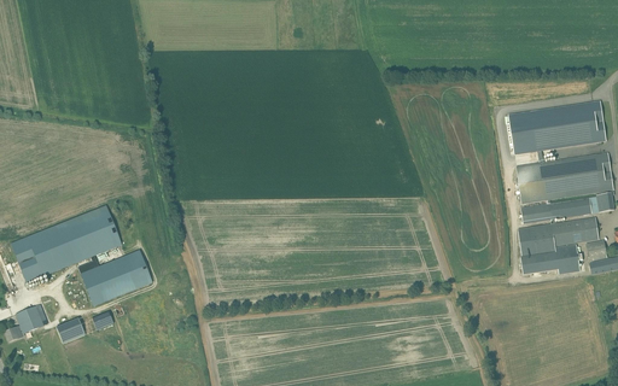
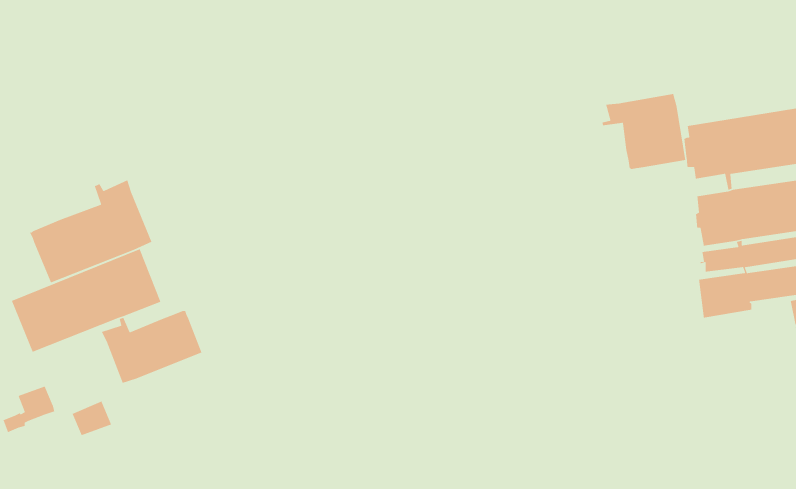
building: none -> [601,93,686,170]
building: none -> [30,179,152,284]
building: [520,244,583,275] -> none

